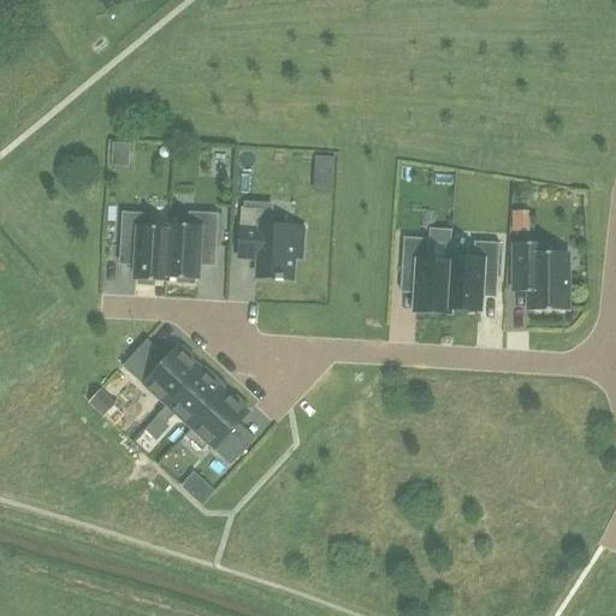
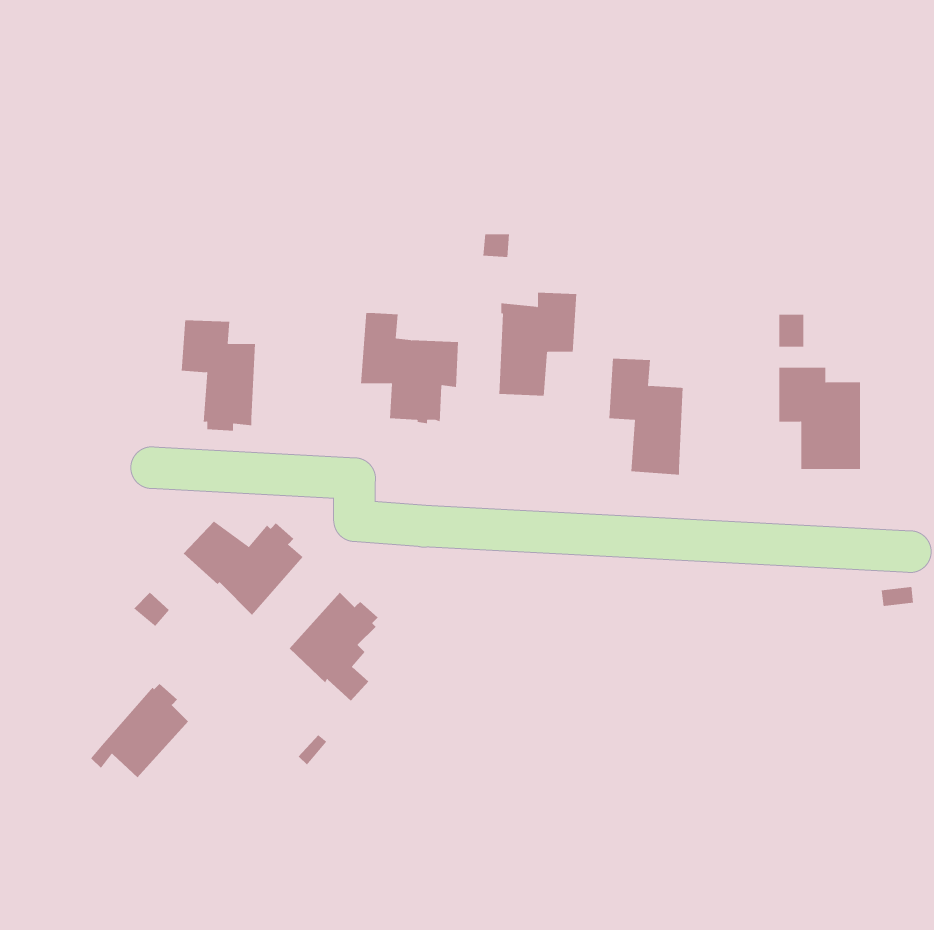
building: [166,209,218,282] -> none
building: [448,241,499,309] -> [499,292,577,396]
building: [159,365,224,427] -> [90,683,189,778]

